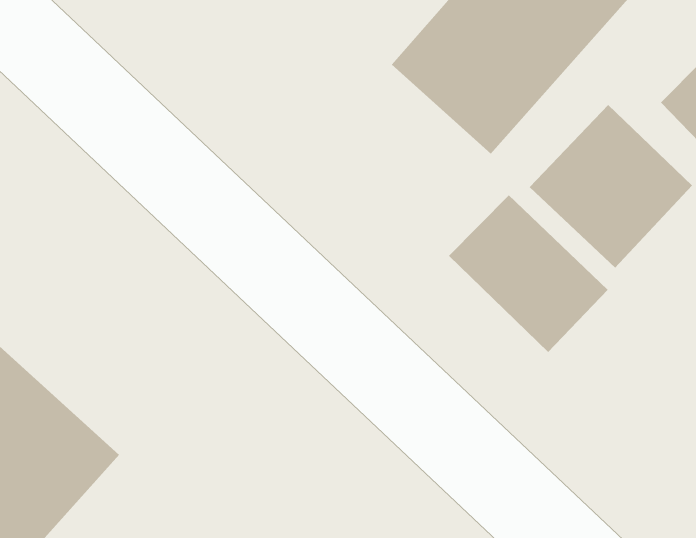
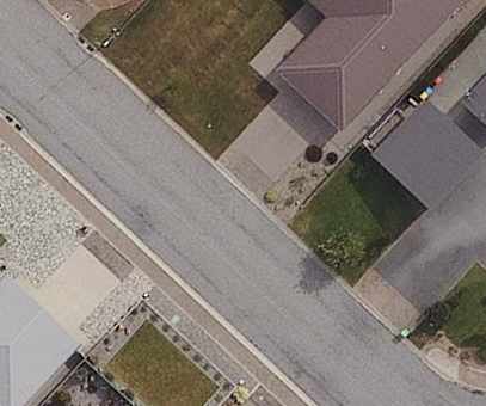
building: [448,194,608,353] -> none

